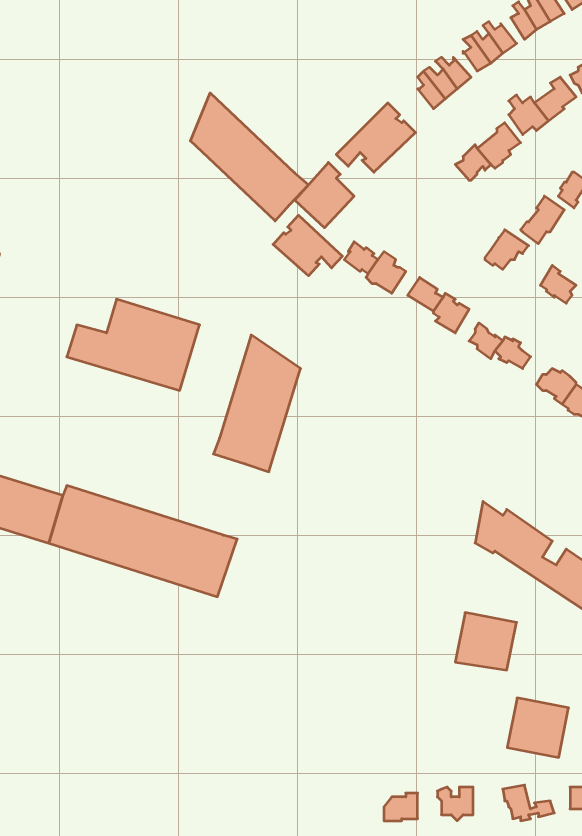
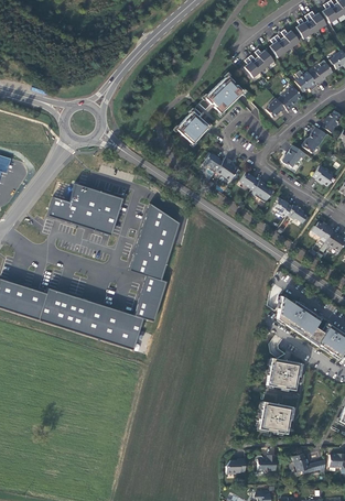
building: [190,93,308,221] -> none
building: [273,215,342,276] -> none
building: none -> [136,275,166,322]
building: [507,698,569,757] -> [257,401,291,434]

